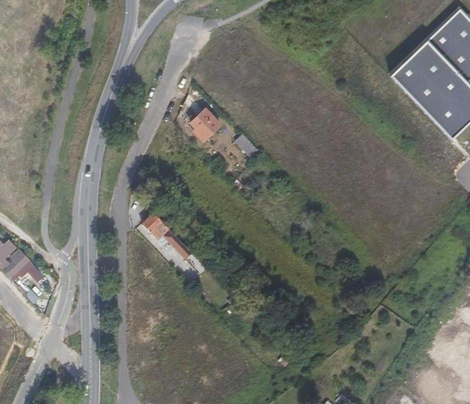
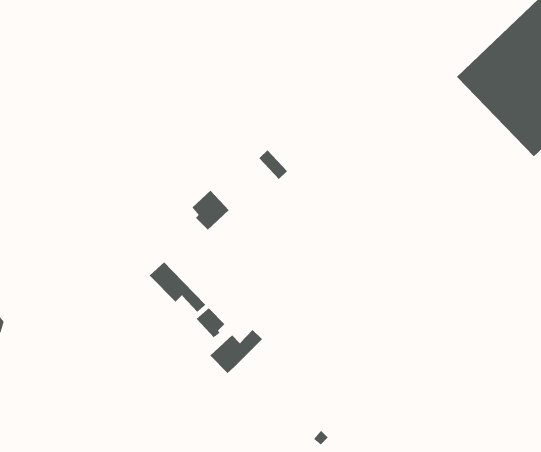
building: [190,108,220,140] -> [191,190,230,231]
building: none -> [210,329,263,374]

